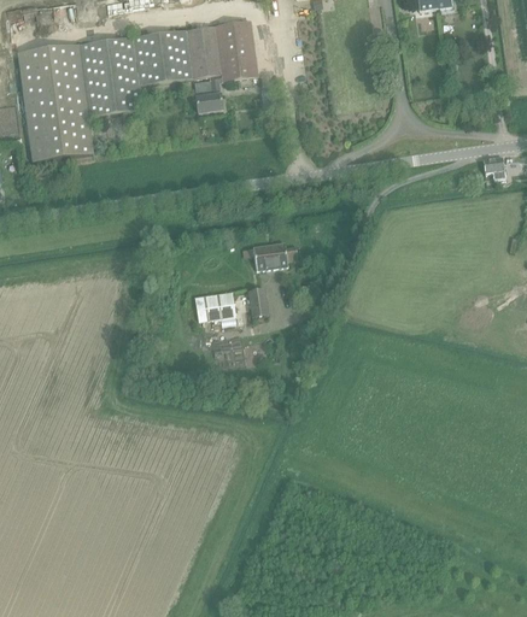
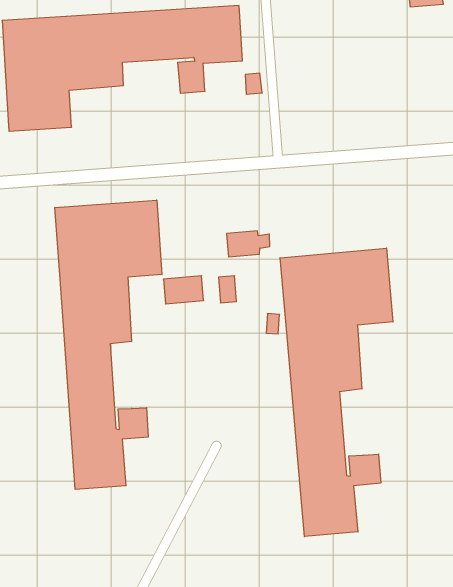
building: none -> [55,200,162,489]
building: none -> [280,248,393,537]

